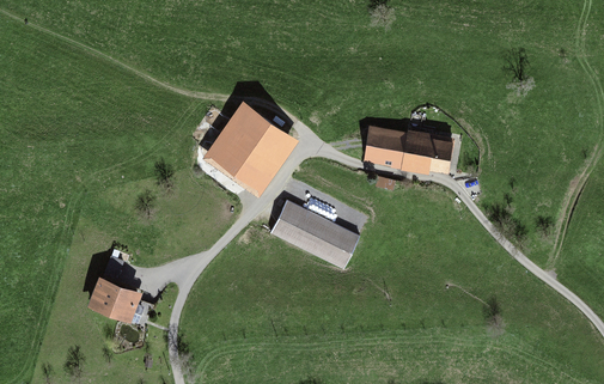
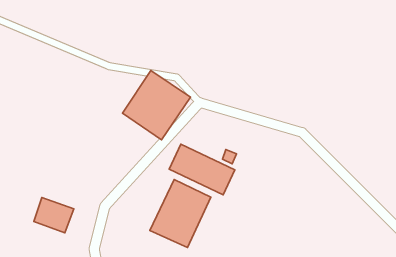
building: [362,127,454,173] -> none
building: none -> [150,180,211,248]

